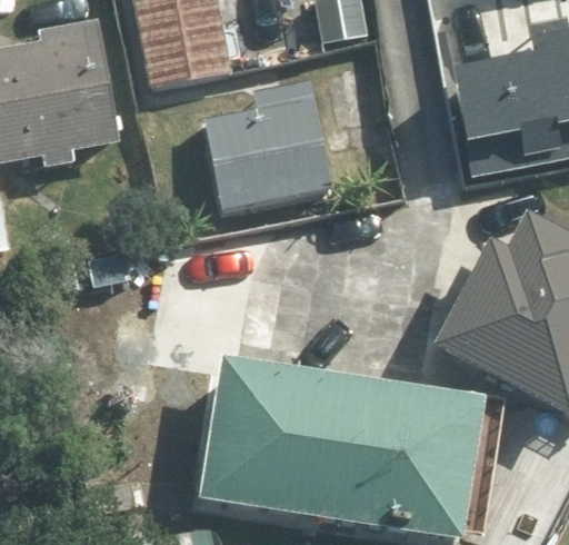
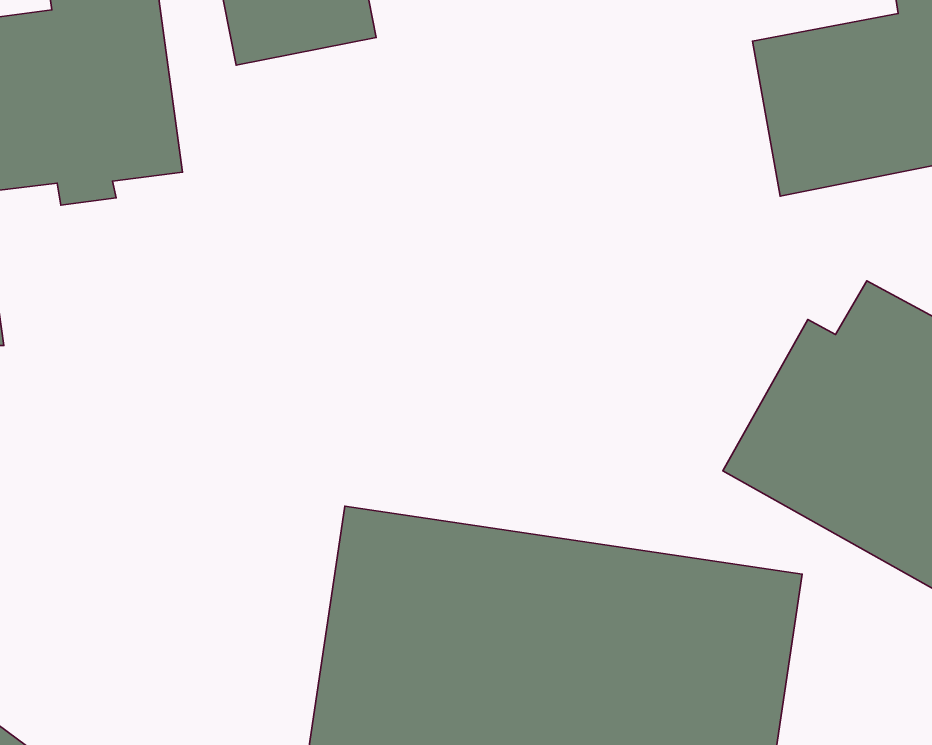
building: [202,79,325,204] -> none

